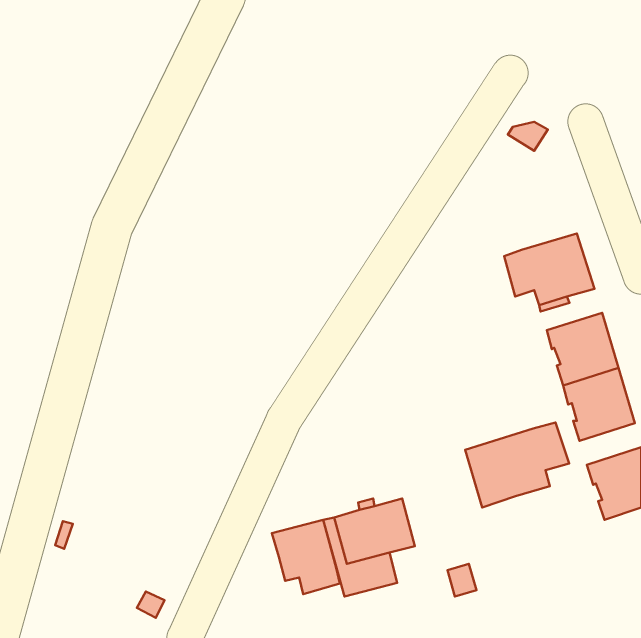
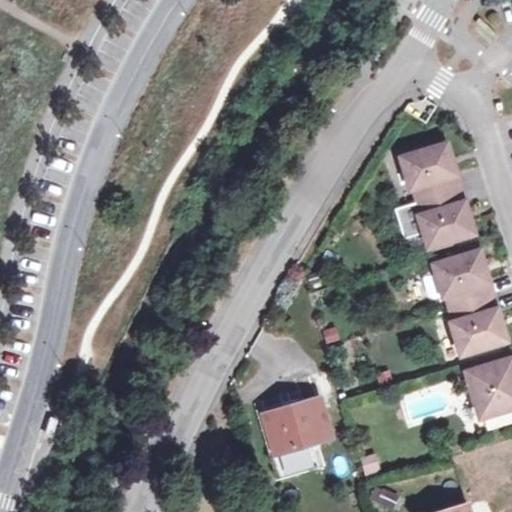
building: none -> [402,142,459,199]
building: [465,422,569,508] -> none
building: [272,520,340,594] -> none

